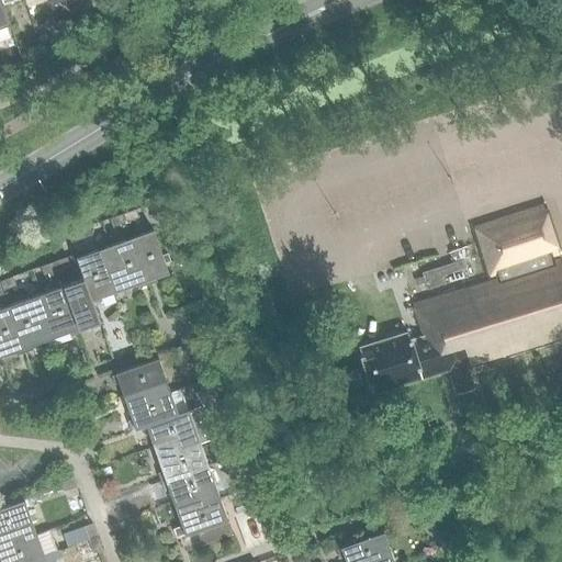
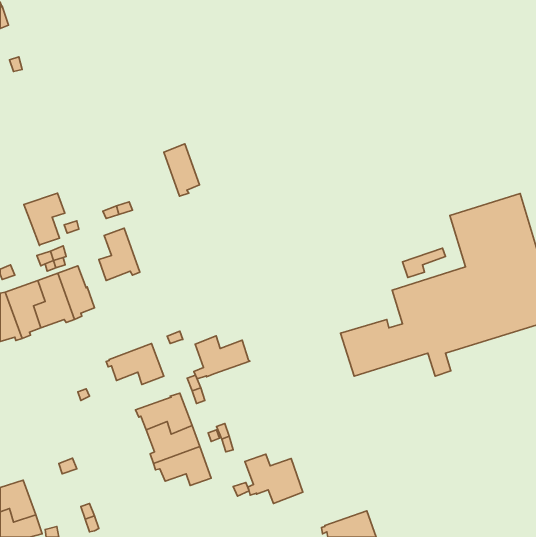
building: [131,229,168,284] -> [164,144,199,196]
building: [75,246,117,301] -> [24,193,65,246]
building: [122,389,180,434] -> [194,336,250,379]
building: [173,495,234,547] -> [245,454,303,504]

